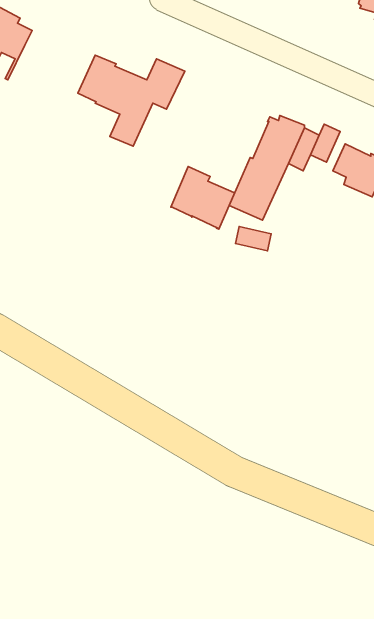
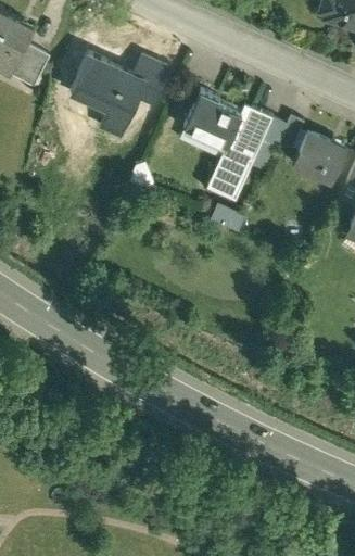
building: none -> [11,46,50,88]
building: [171,167,235,229] -> [185,90,241,146]

